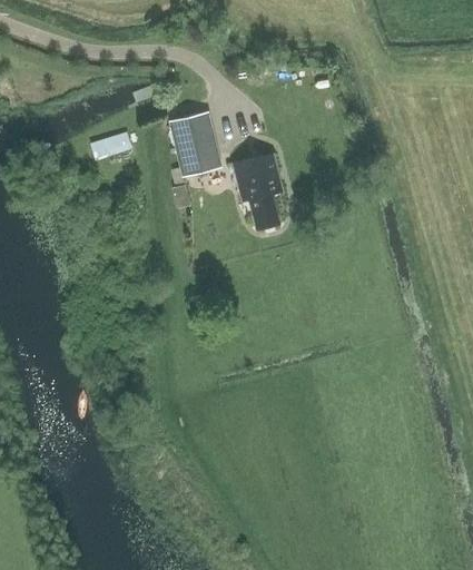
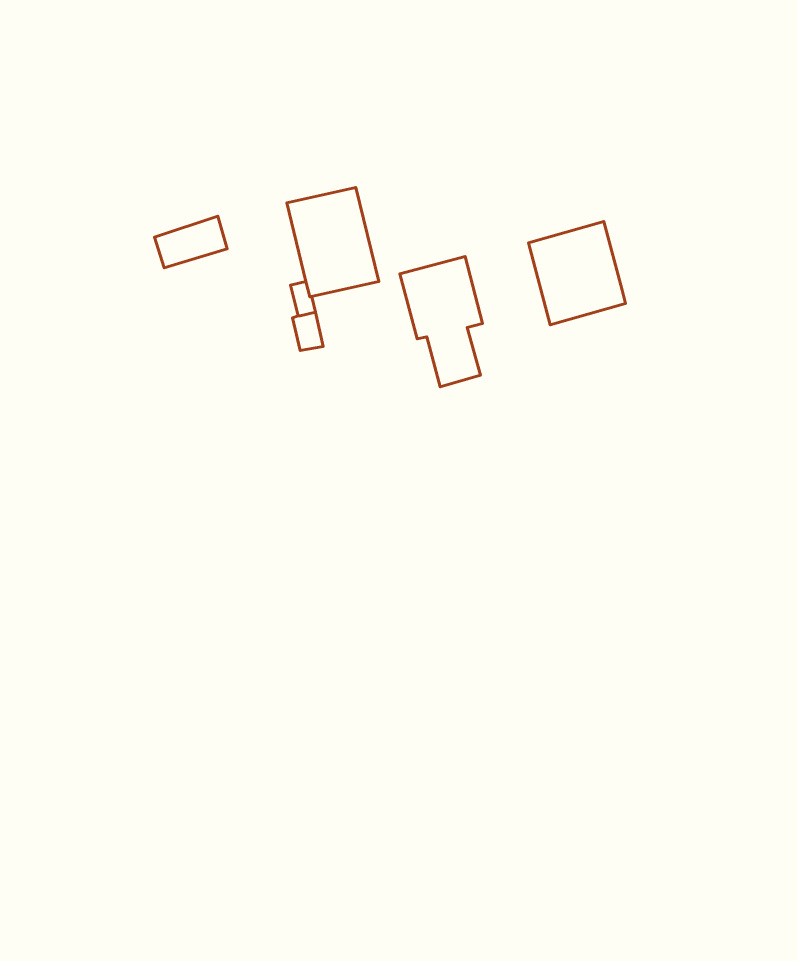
building: none -> [528,221,626,325]

